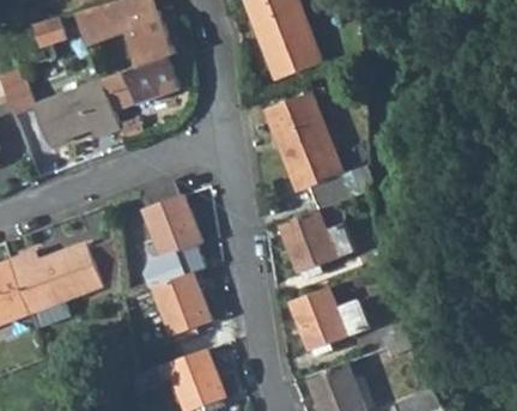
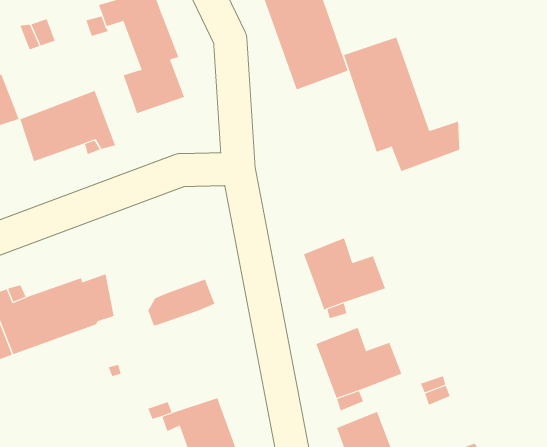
building: [266,93,367,211] -> [343,37,460,172]
building: [138,181,201,259] -> none
building: [152,274,207,337] -> none

